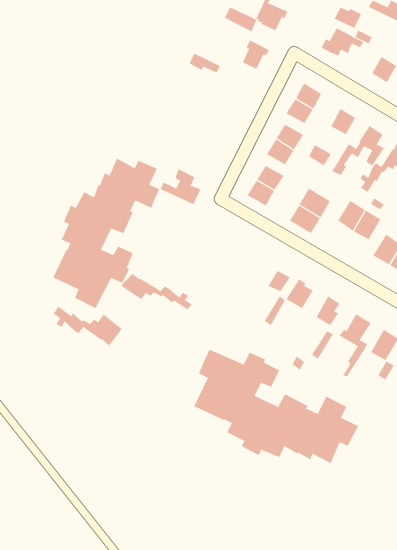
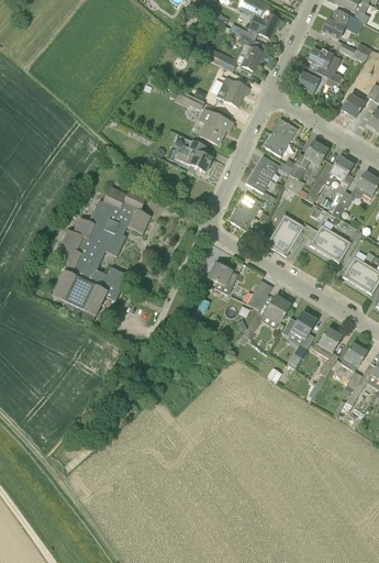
building: none -> [198,109,233,144]
building: [160,169,201,205] -> [176,139,213,172]
building: none -> [209,263,235,294]
building: [120,273,192,310] -> none
building: [53,306,123,346] -> none
building: [193,349,359,464] -> none

